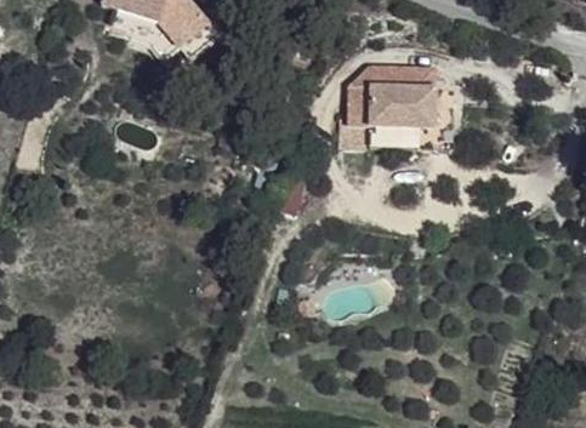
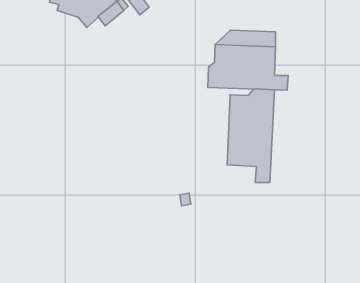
building: none -> [227,89,274,183]

